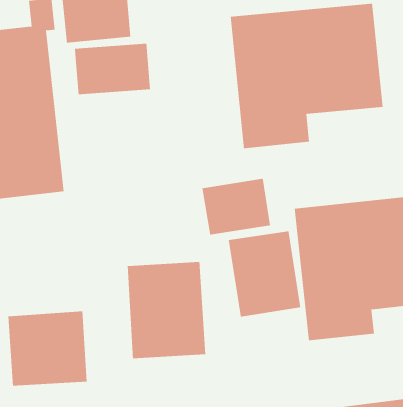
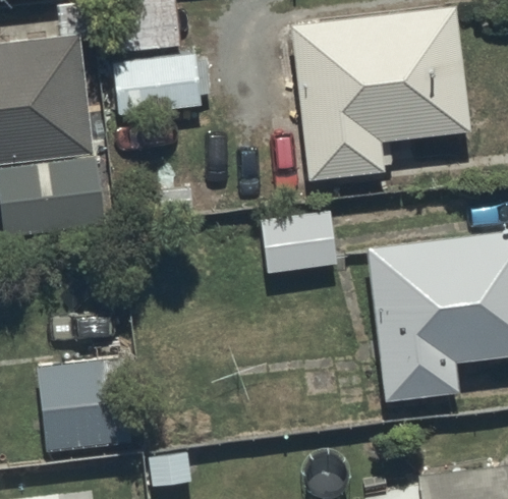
building: [228,231,301,318] -> none
building: [127,261,206,359] -> none

